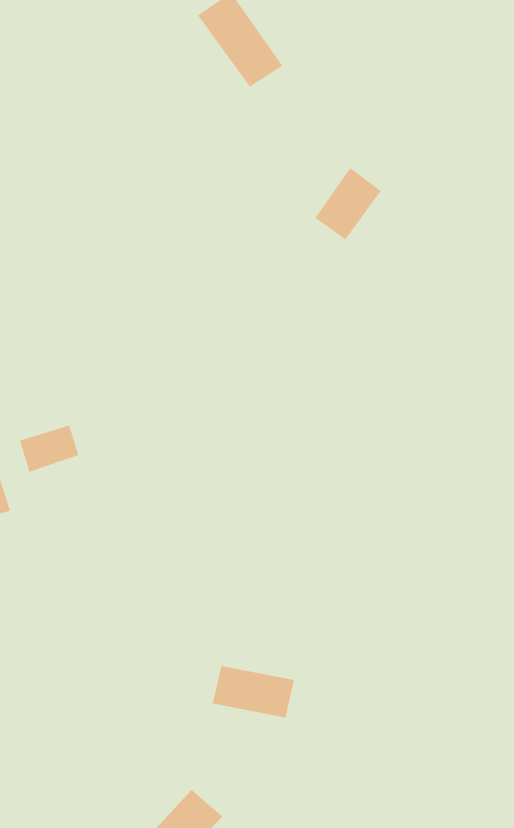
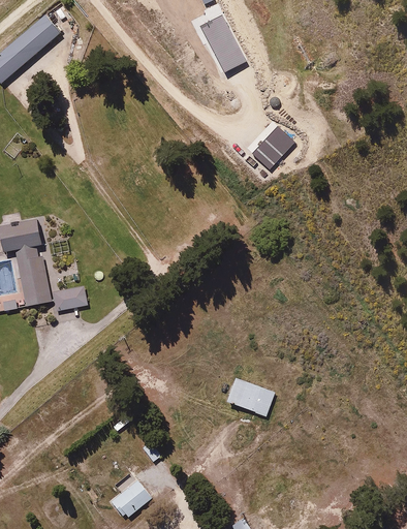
building: [19,425,79,473] -> [53,285,87,310]
building: [212,665,295,718] -> [226,377,277,413]

